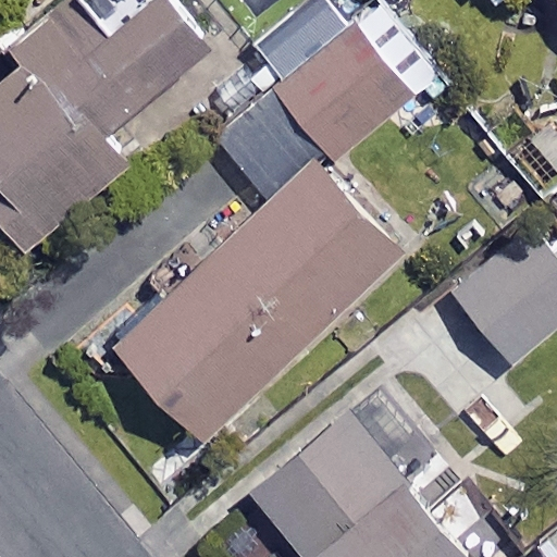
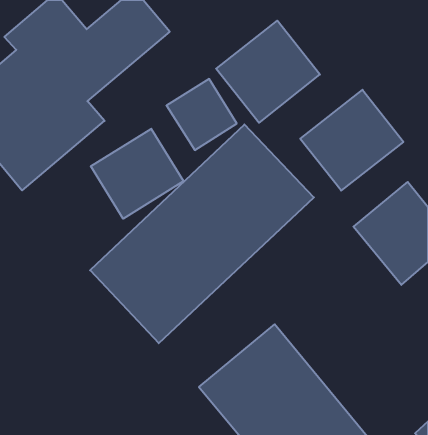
building: none -> [300,90,403,191]
building: none -> [91,129,183,219]

